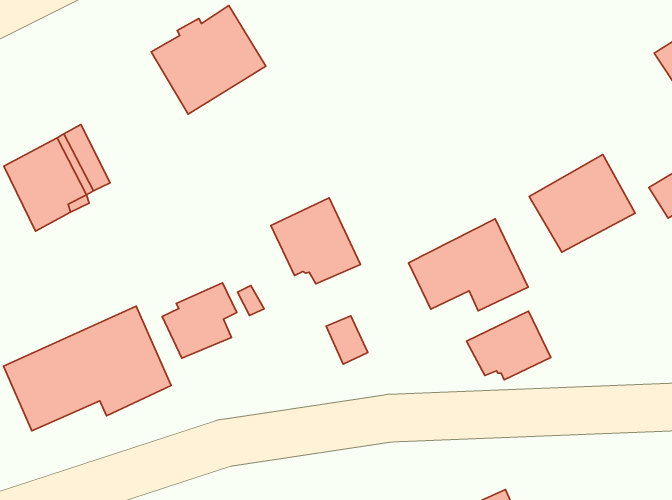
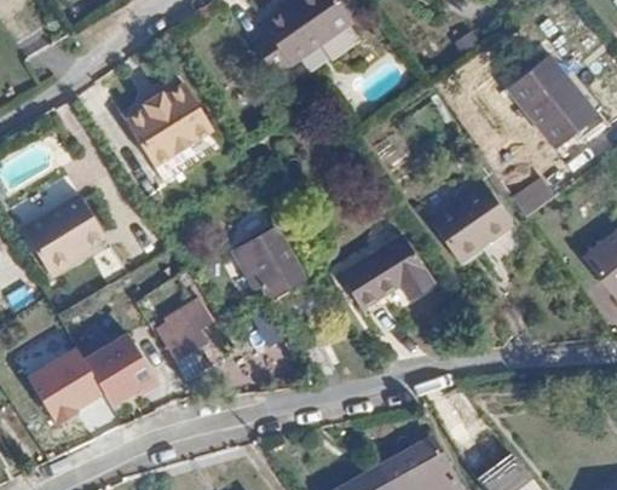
building: [467,311,551,380] -> none

